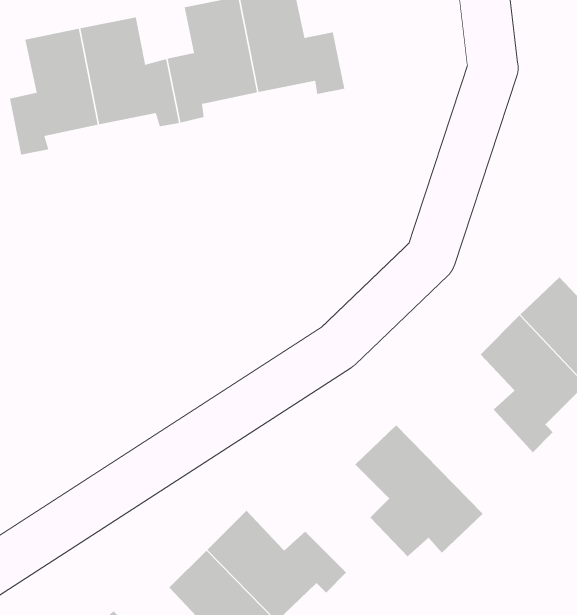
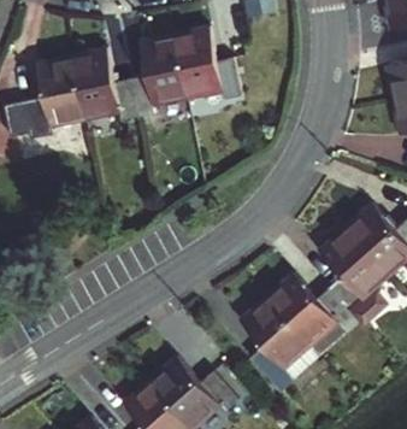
building: none -> [270,277,356,358]

